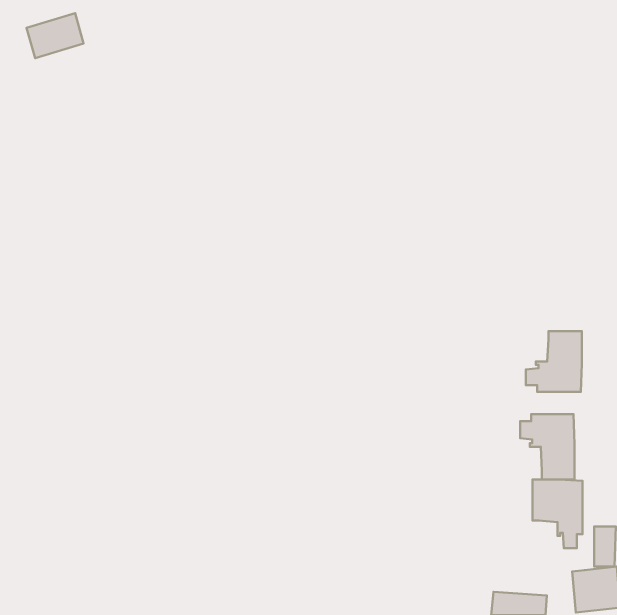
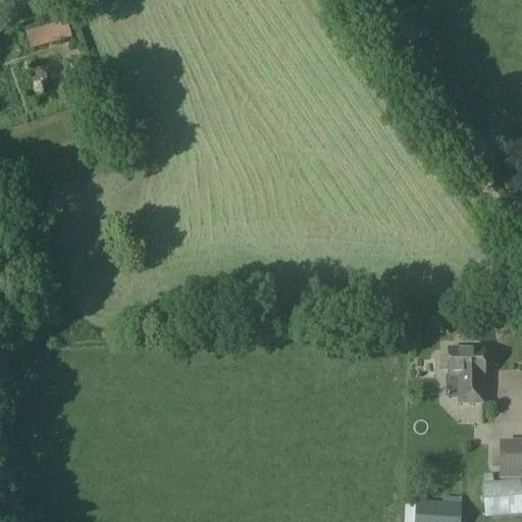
building: [526,331,582,392] -> none
building: [532,479,582,548] -> none

